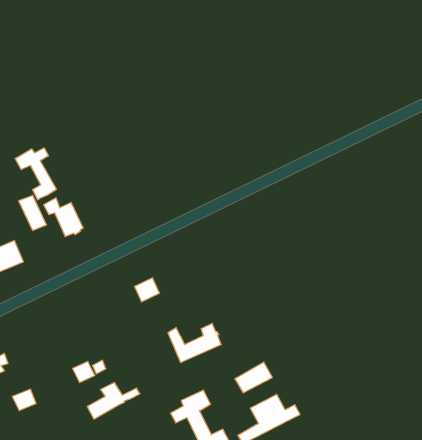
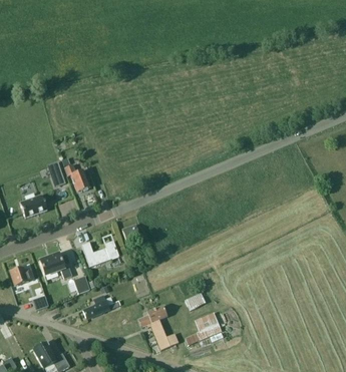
building: [15,148,56,200] -> none
building: [168,323,221,362] -> [81,241,117,266]
building: none -> [38,253,71,278]

